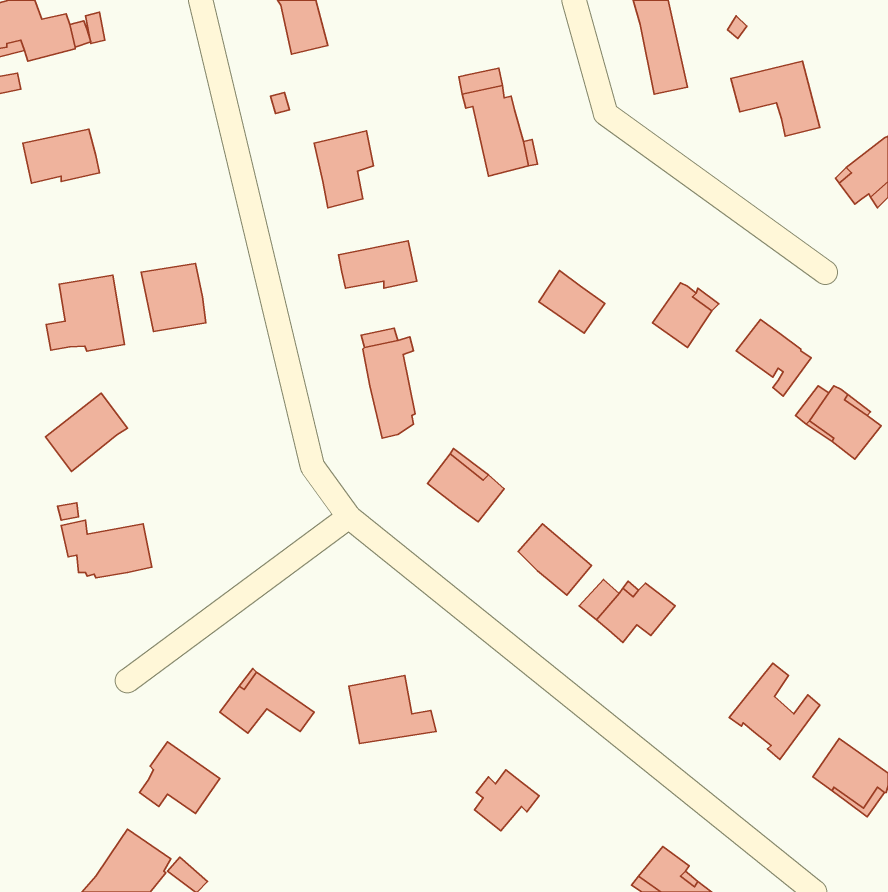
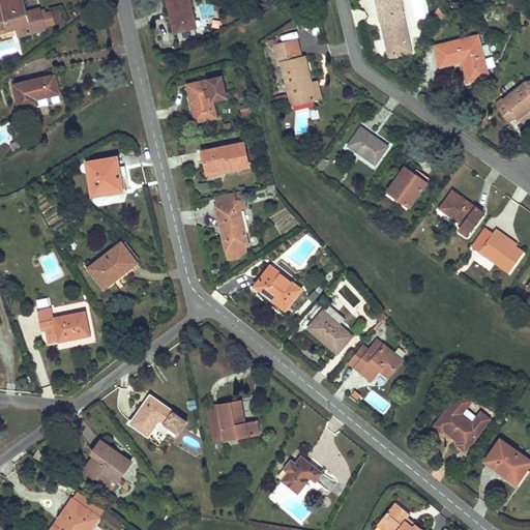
building: [539,270,605,333] -> [347,127,386,165]
building: [46,275,125,351] -> none
building: [45,393,127,472] -> [88,242,137,289]

